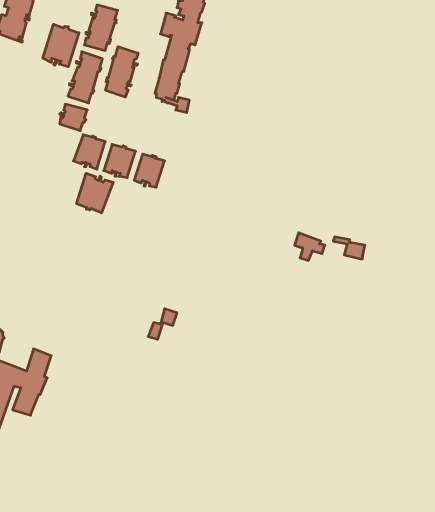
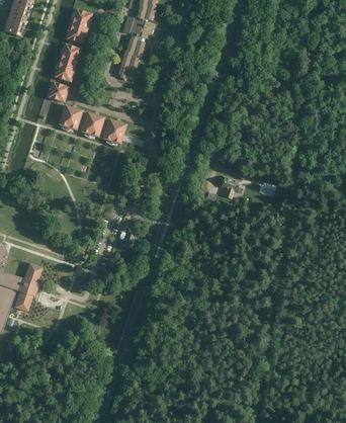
building: [43,24,79,67] -> none
building: [106,47,138,97] -> none
building: [77,173,113,213] -> none

